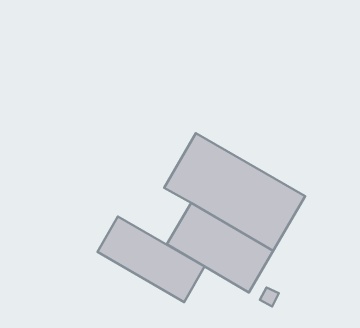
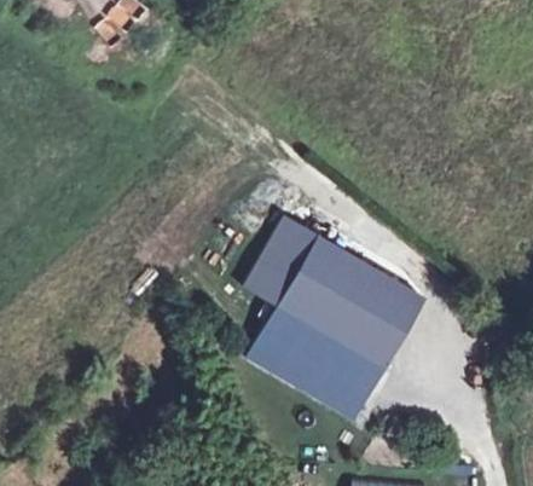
building: [98,216,205,302] -> none

